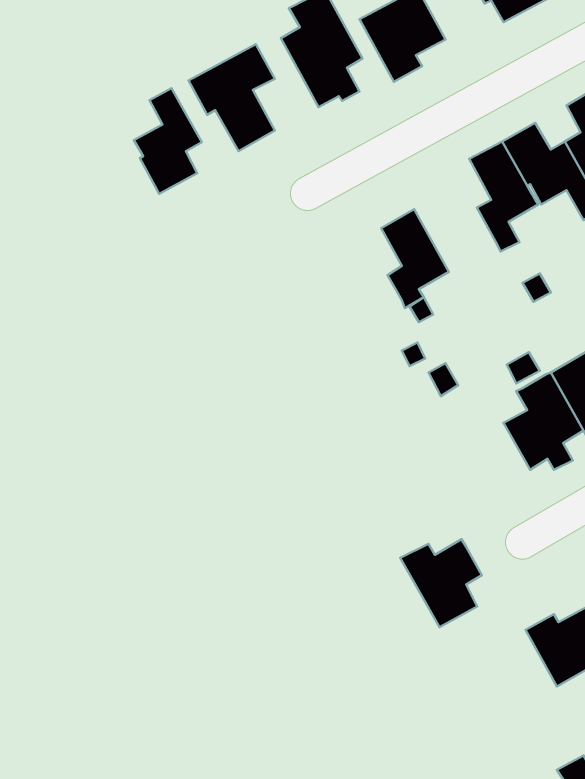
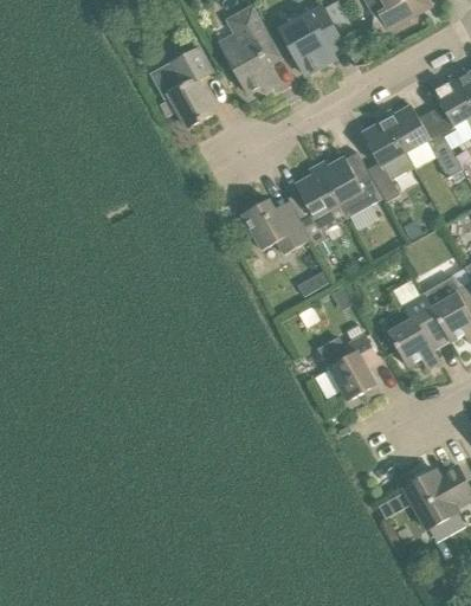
building: [134,88,202,194] -> none
building: none -> [320,150,382,217]
building: none -> [241,198,310,253]
building: [400,539,482,627] -> [317,333,379,399]

